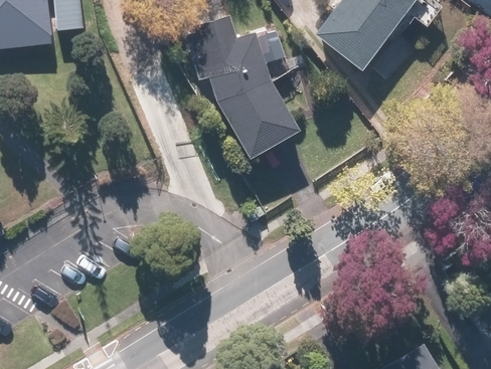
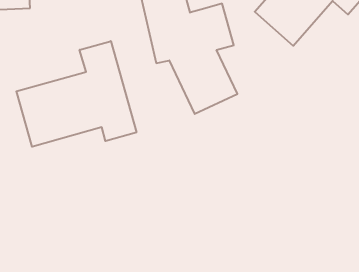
building: none -> [16,41,136,147]

